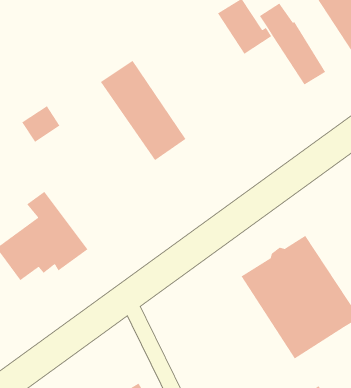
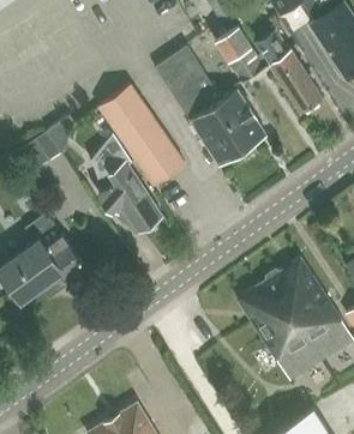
building: none -> [156,46,266,163]
building: none -> [95,138,161,234]

